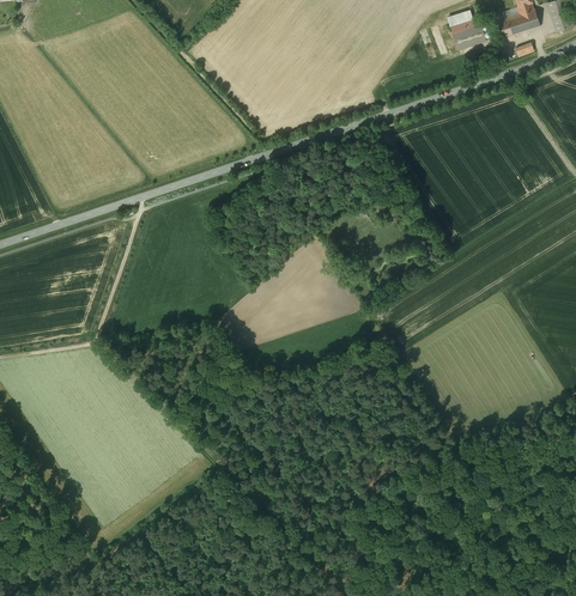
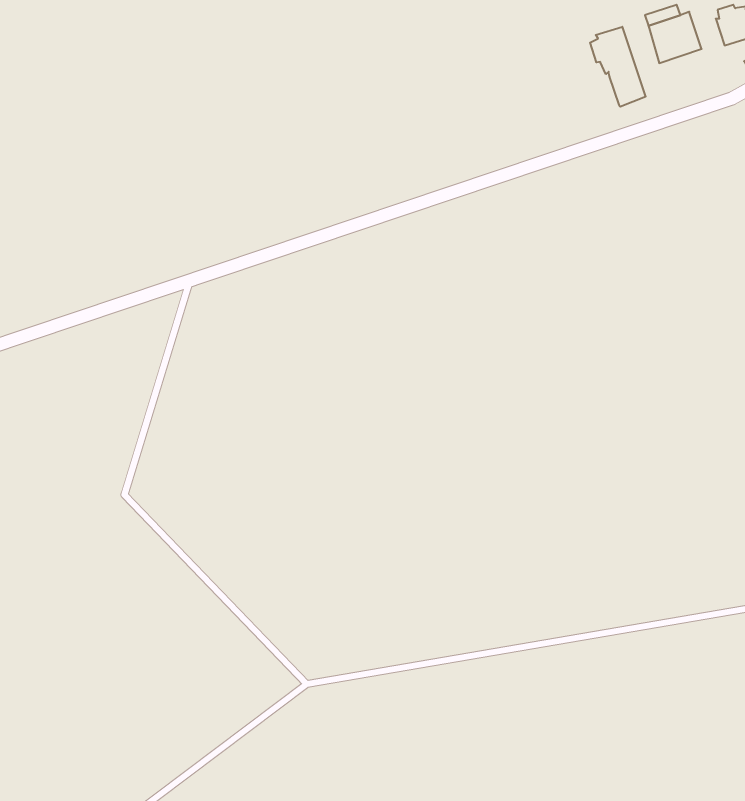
building: none -> [590,27,646,107]

